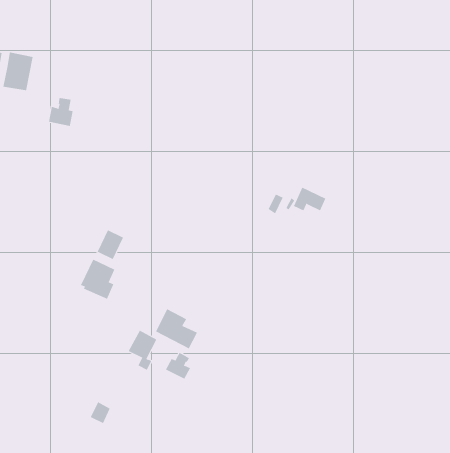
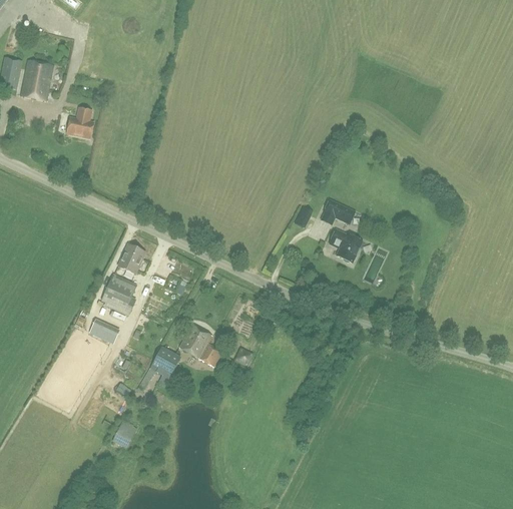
building: none -> [329,228,361,262]
building: none -> [88,318,118,343]
building: [165,352,191,380] -> none

